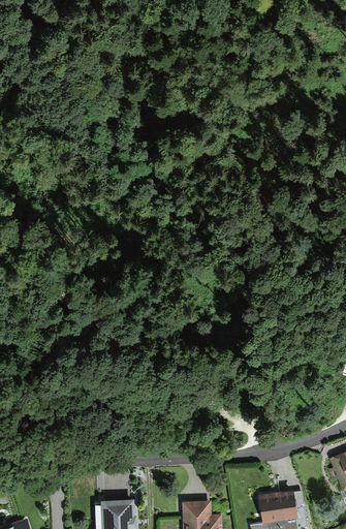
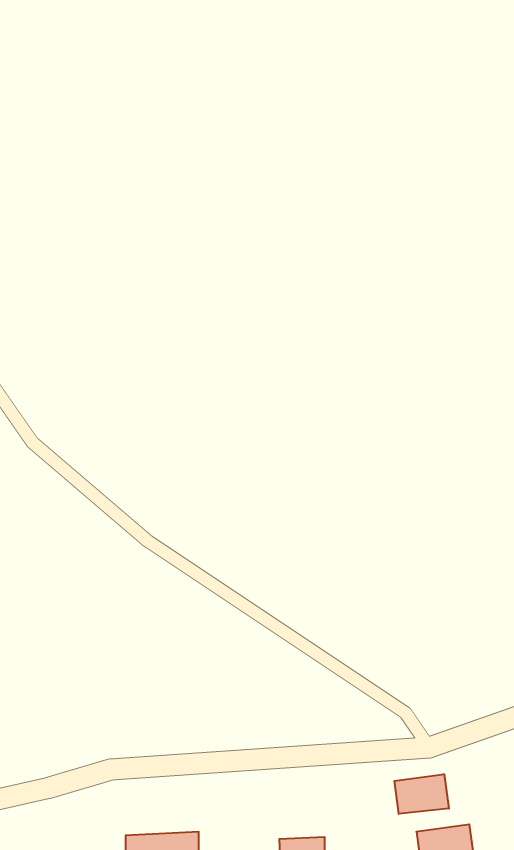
building: none -> [394,774,449,814]

